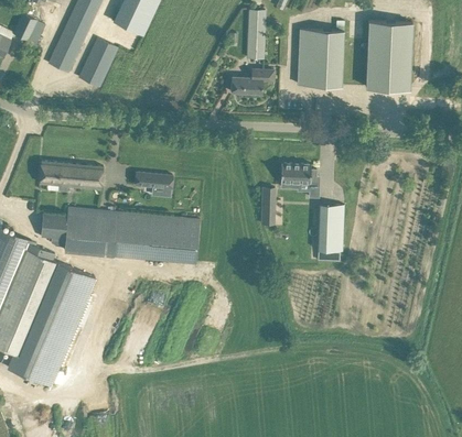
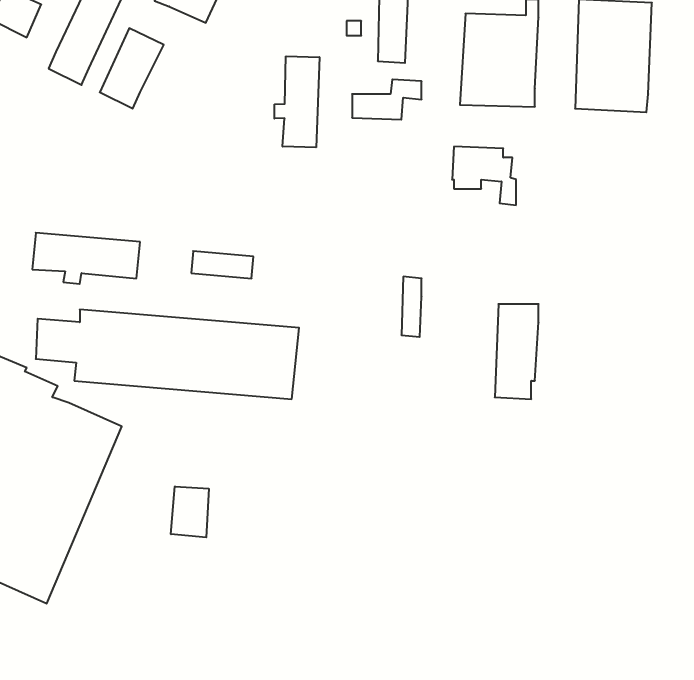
building: none -> [274,56,319,147]
building: [280,163,319,198] -> [452,147,516,205]
building: none -> [171,486,209,537]

